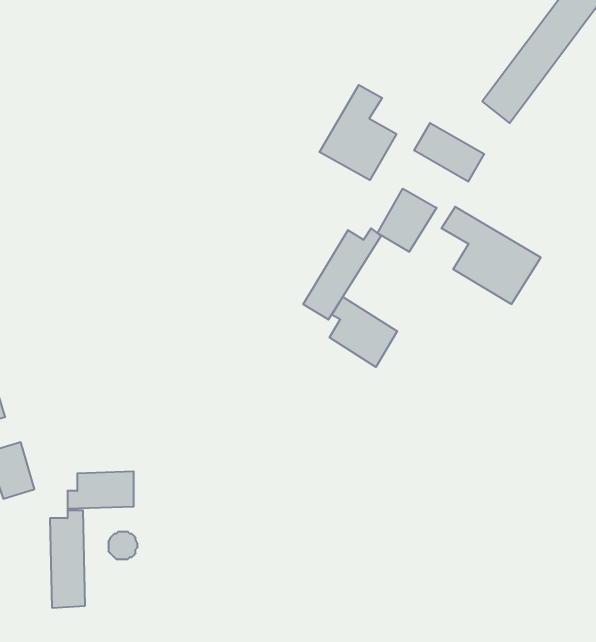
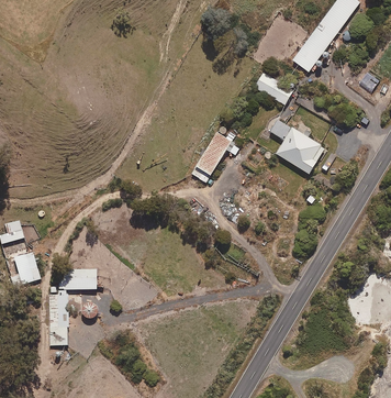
building: [319,85,396,180] -> none
building: [378,189,437,252] -> none
building: [330,297,397,367] -> none

